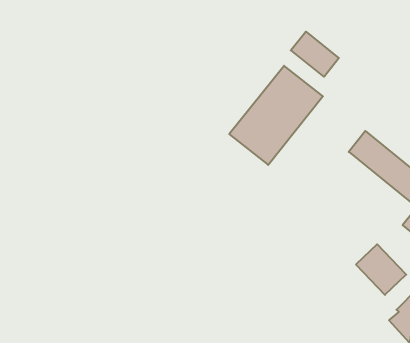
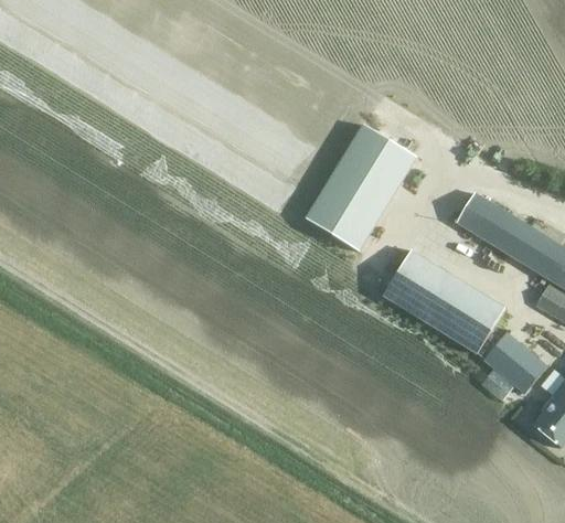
building: [291,32,339,77] -> none
building: none -> [383,249,505,354]

